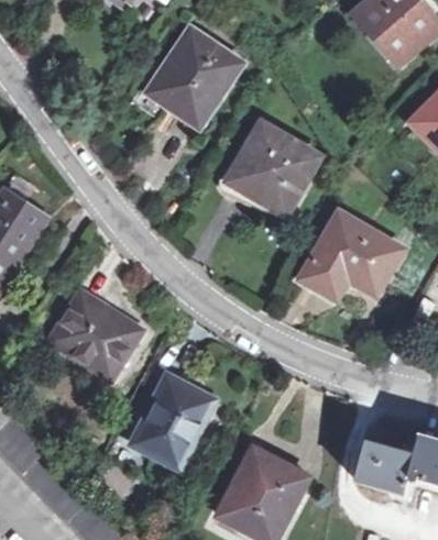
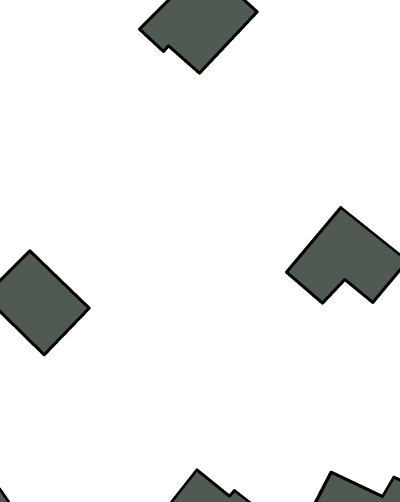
building: [228,126,316,213] -> none
building: [130,375,210,460] -> none

